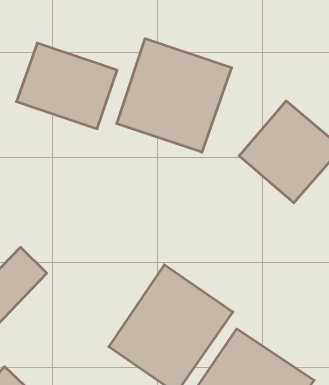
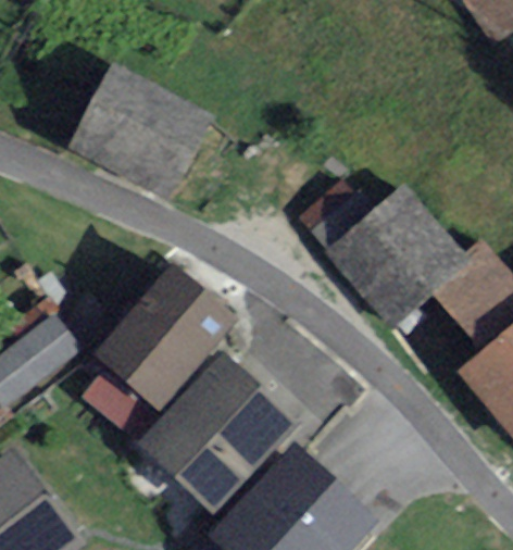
building: [117,39,232,152] -> none
building: none -> [92,267,236,413]

